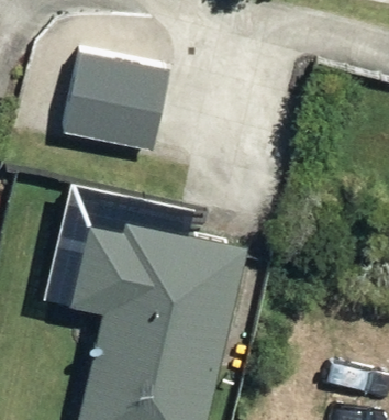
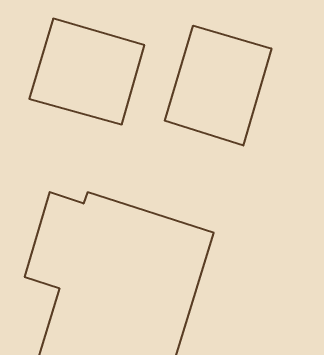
building: none -> [165,26,271,146]

